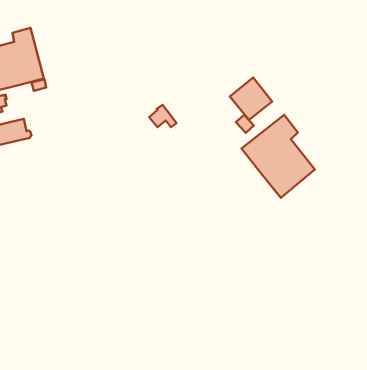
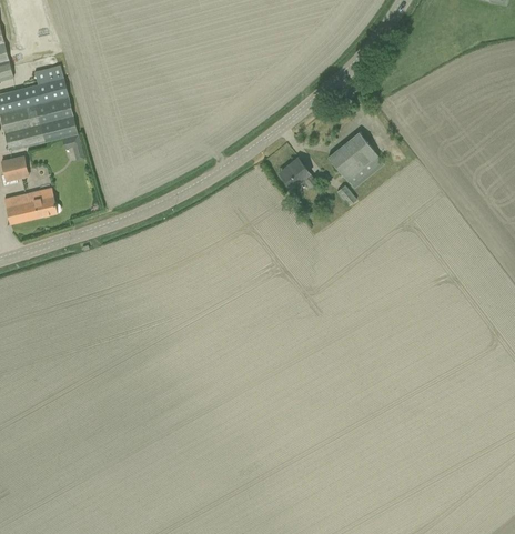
building: [149,105,177,127] -> [279,158,315,188]
building: [242,115,315,198] -> none

